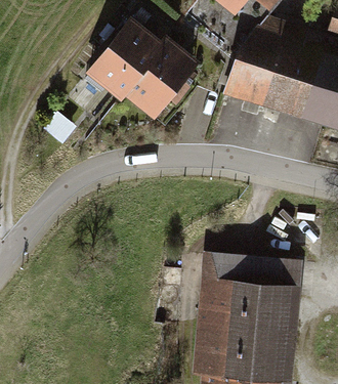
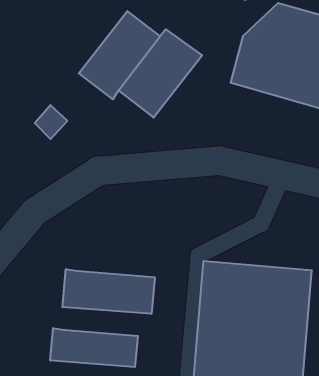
building: none -> [63,269,155,314]
building: none -> [50,328,138,367]

